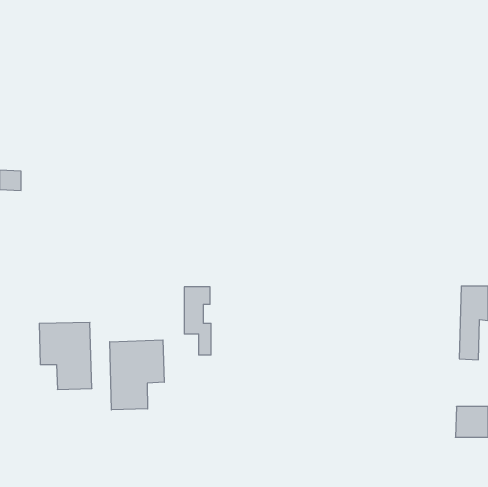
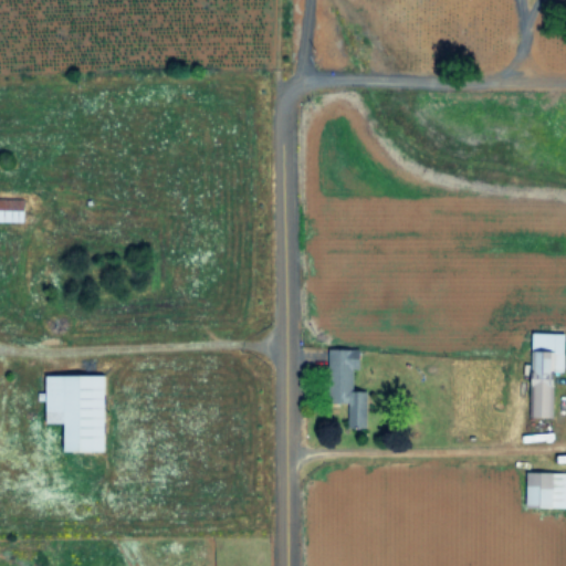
building: [184,287,211,355] -> [331,349,361,428]
building: [110,340,164,410] -> none

